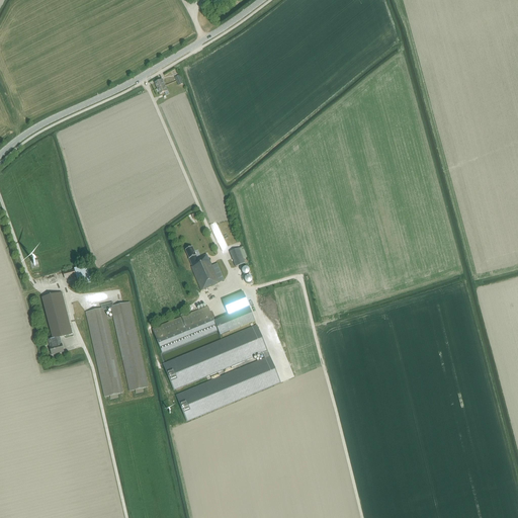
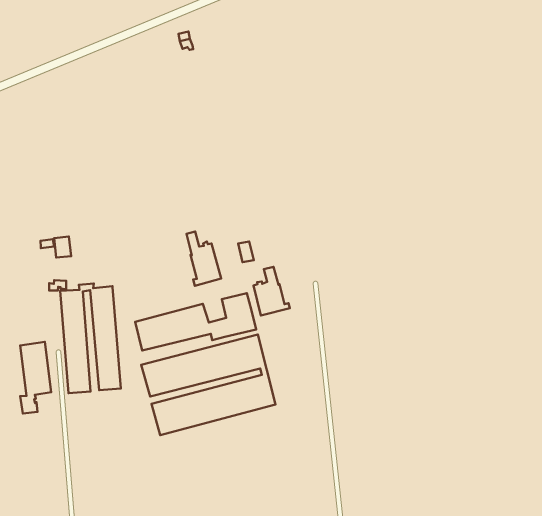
building: none -> [254,267,290,315]
building: [40,290,72,353] -> [20,342,51,413]

